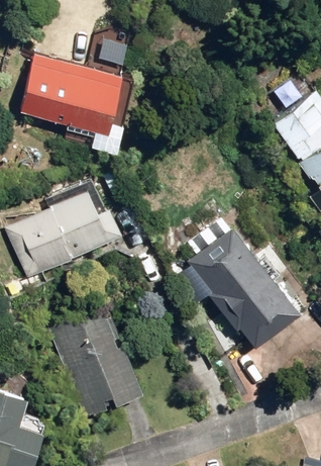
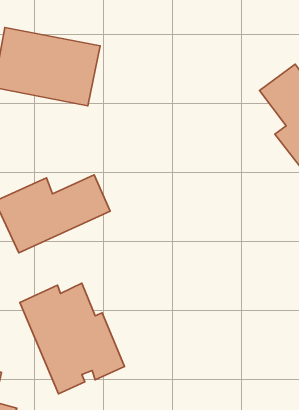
building: [183,224,299,349] -> none

